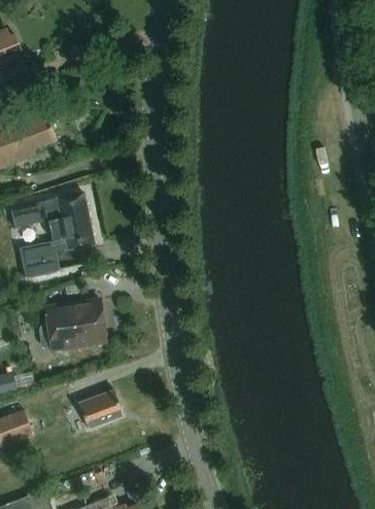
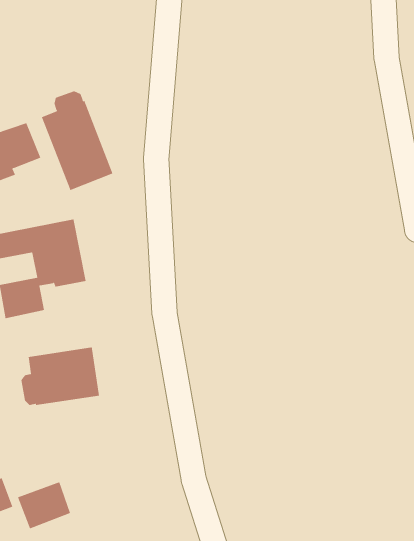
building: none -> [41,91,113,191]
building: [78,391,124,431] -> [17,481,71,529]

